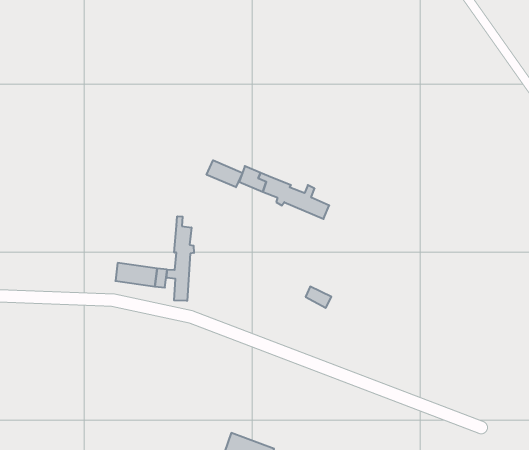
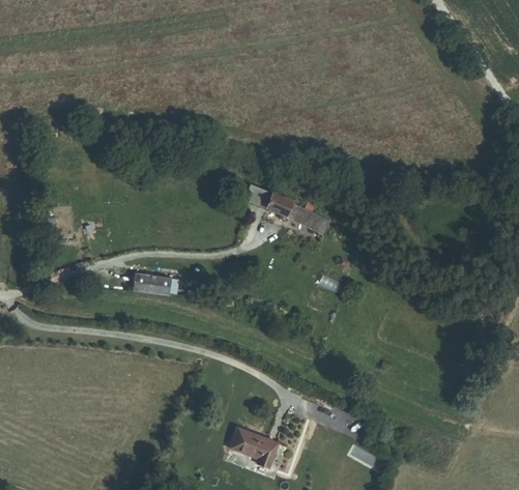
building: [207,160,242,187] -> none
building: [167,216,194,301] -> none

